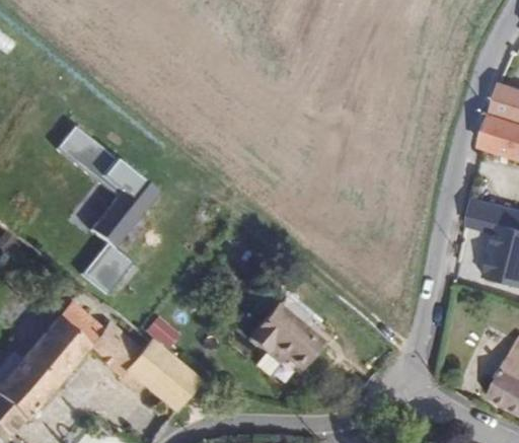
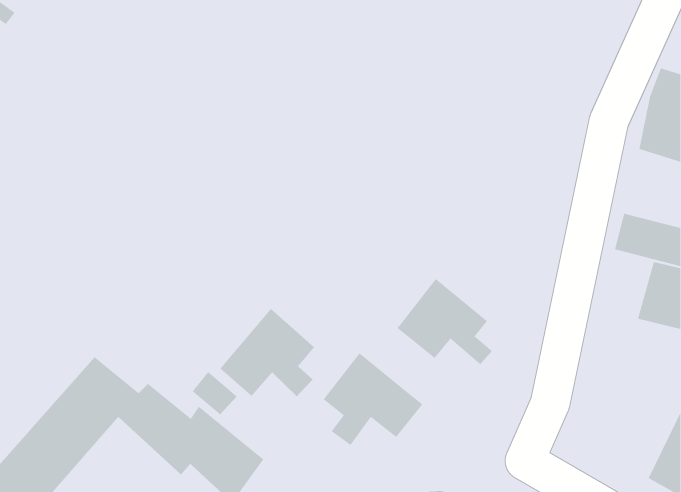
building: [56,126,156,295] -> none
building: none -> [397,278,493,365]
building: none -> [219,308,315,397]

